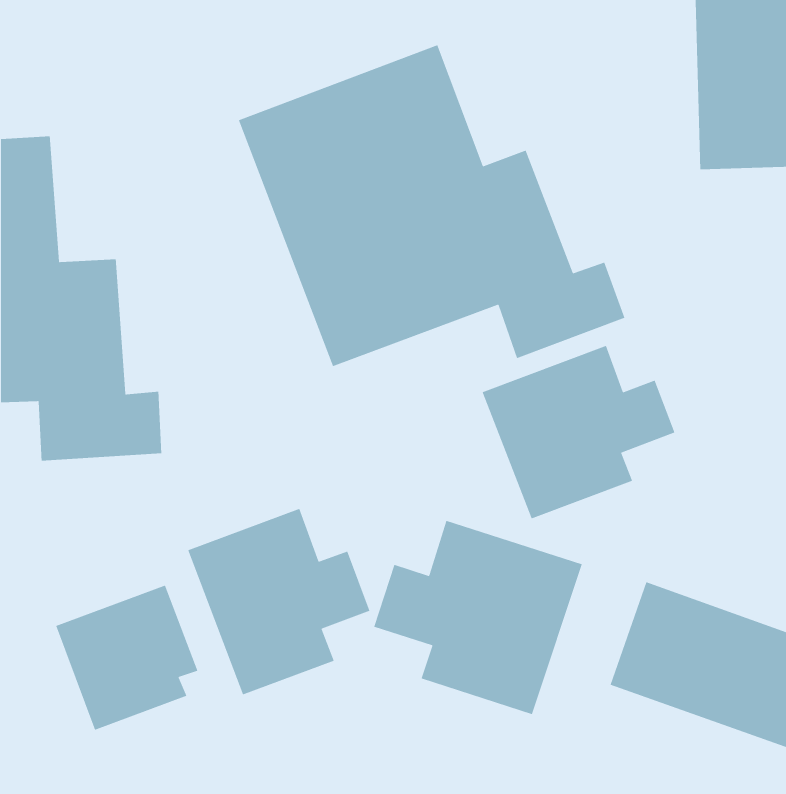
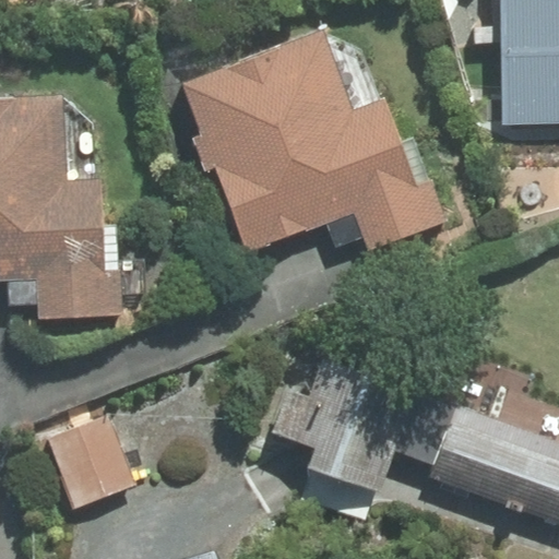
building: [481,345,675,520] -> none
building: [187,508,371,695] -> none

